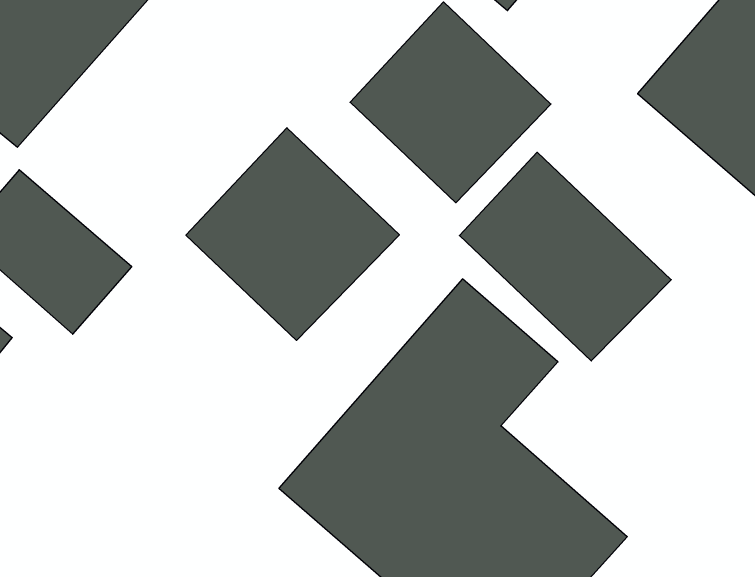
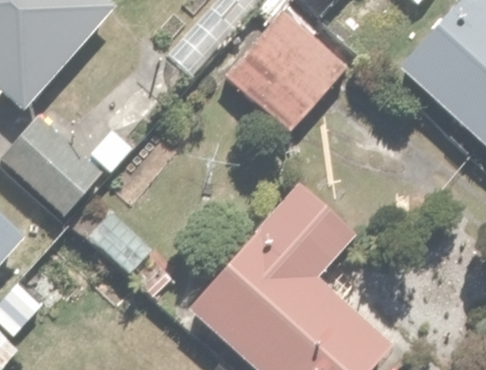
building: [186,128,399,340] -> none
building: [459,152,671,361] -> none

